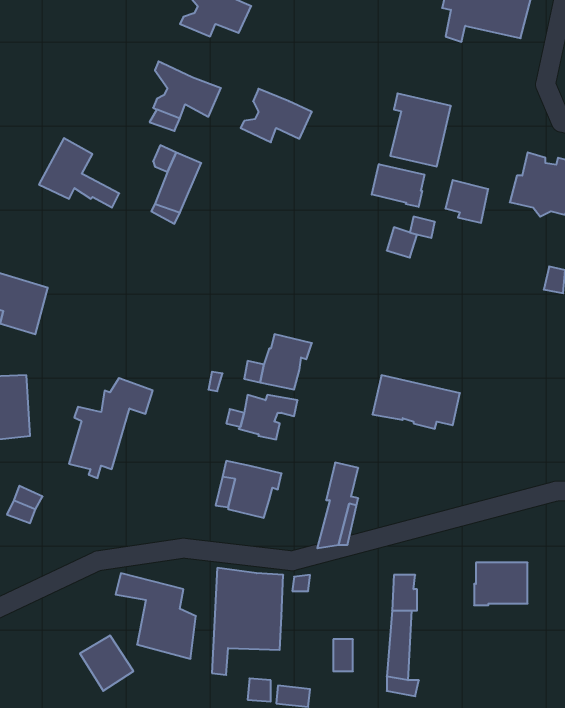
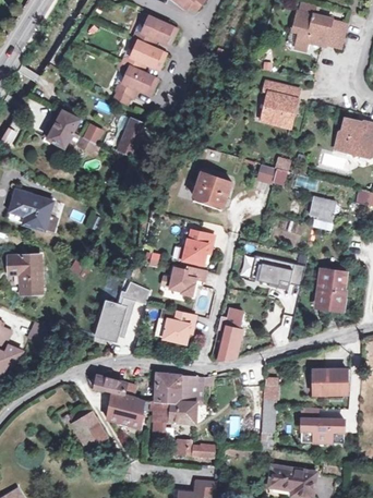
building: [241,89,312,142] -> [122,40,166,73]
building: [372,164,424,207] -> none
building: [445,180,488,223] -> [310,196,336,222]
building: none -> [193,172,231,206]
building: [69,378,153,478] -> [99,280,151,341]
building: none -> [316,270,346,309]
building: none -> [301,408,344,444]

